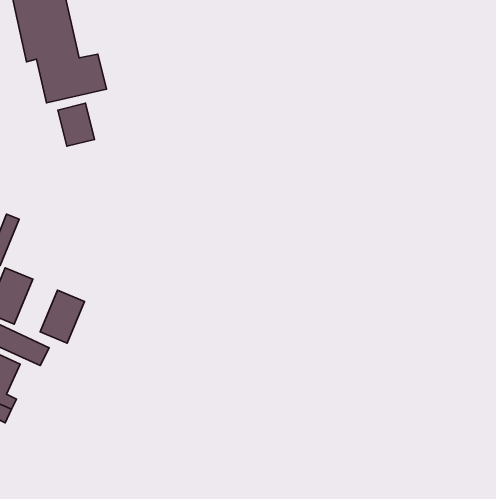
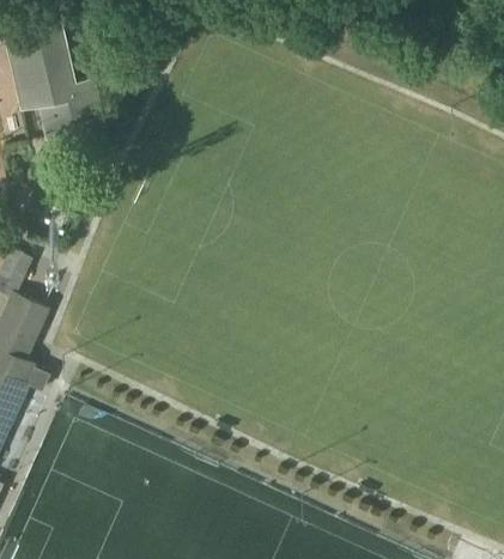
building: [58,103,95,146] -> none
building: [40,290,84,343] -> none

